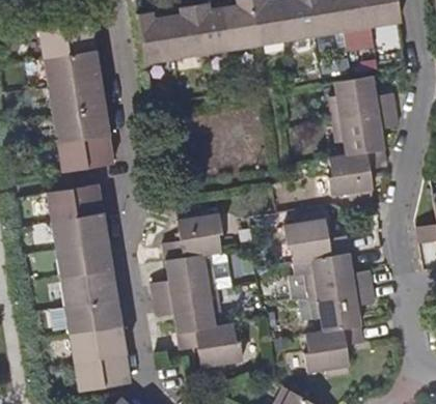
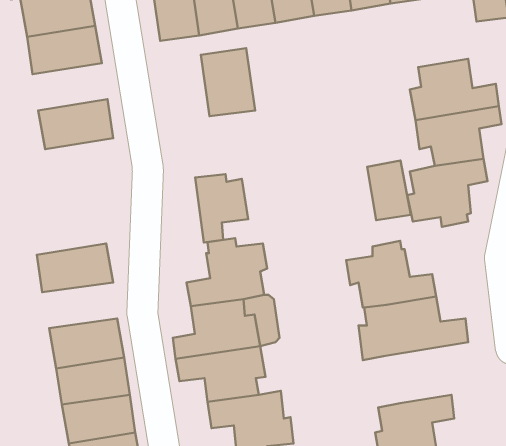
building: none -> [201,48,255,116]
building: [48,80,104,115] -> none
building: [57,136,113,174] -> none
building: none -> [367,160,411,220]
building: none -> [195,174,248,243]
building: [46,185,103,223] -> none
building: [55,243,111,278] -> none
building: [310,288,377,334] -> none

